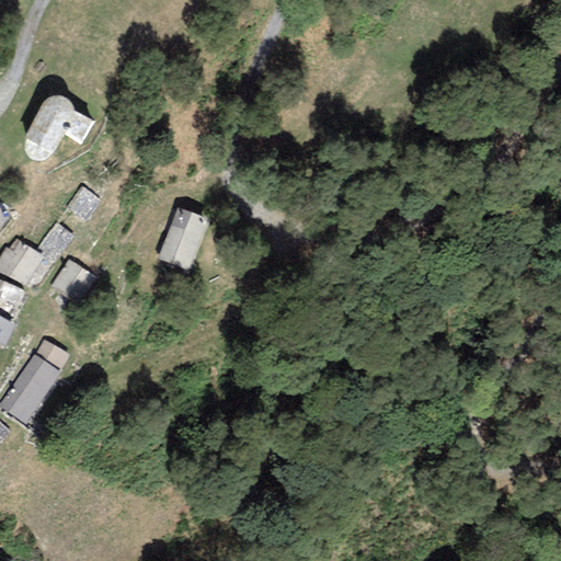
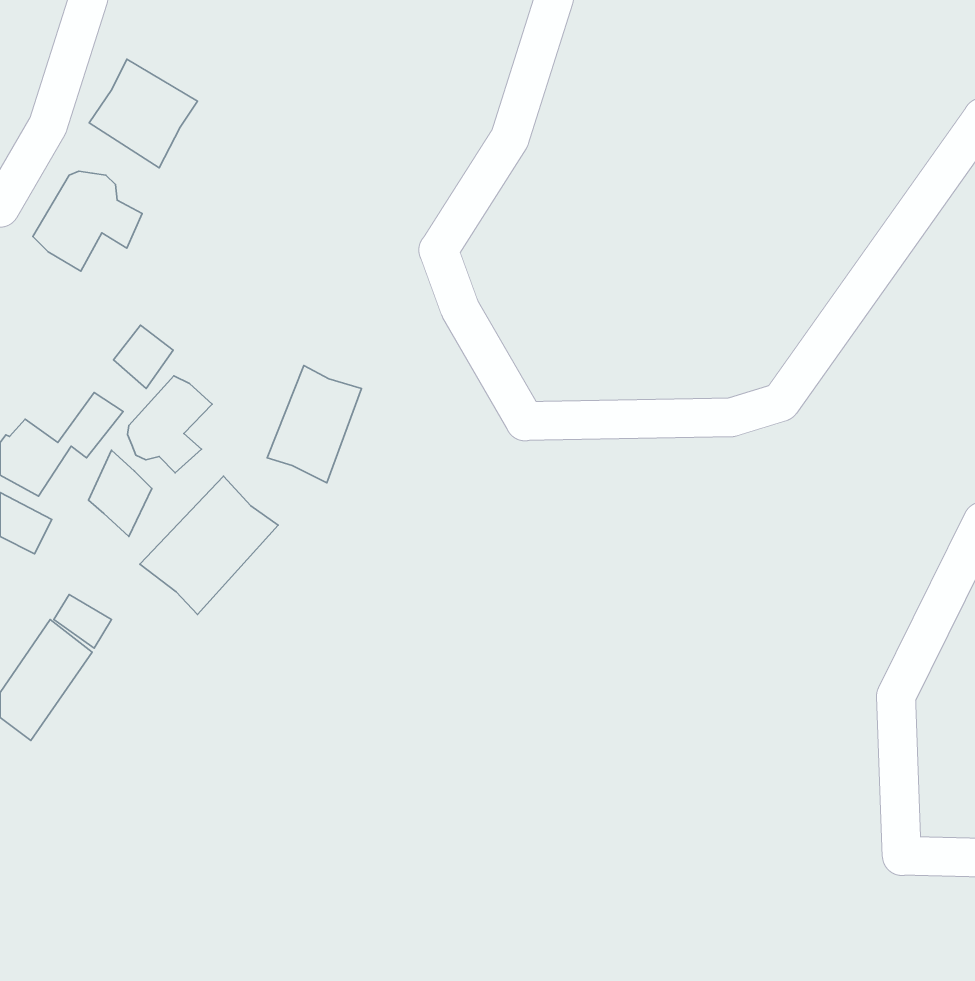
building: none -> [89,59,197,168]
building: none -> [128,376,212,473]
building: none -> [140,476,278,615]

